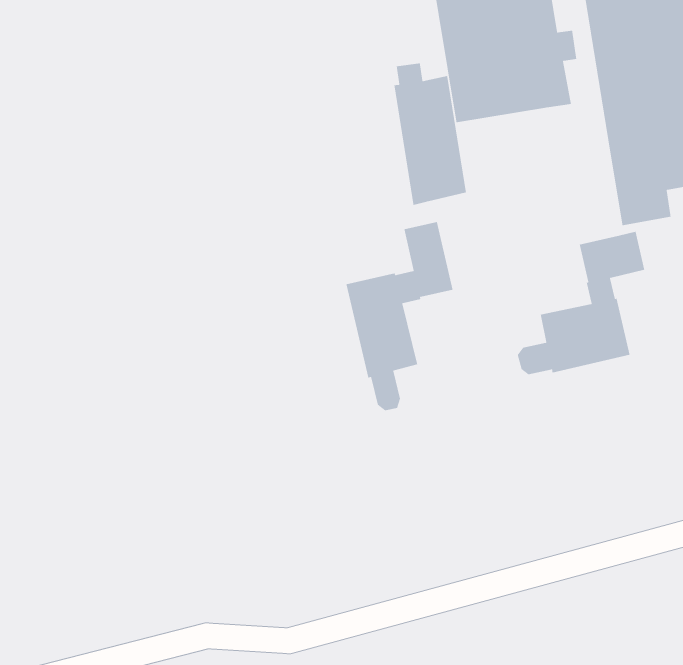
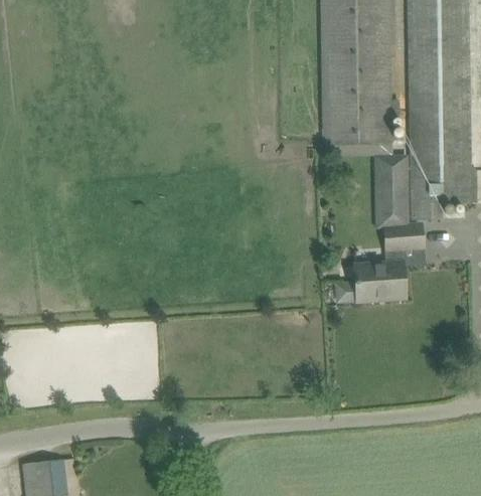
building: [393,62,467,206] -> [375,144,410,228]
building: [346,221,453,411] -> none

